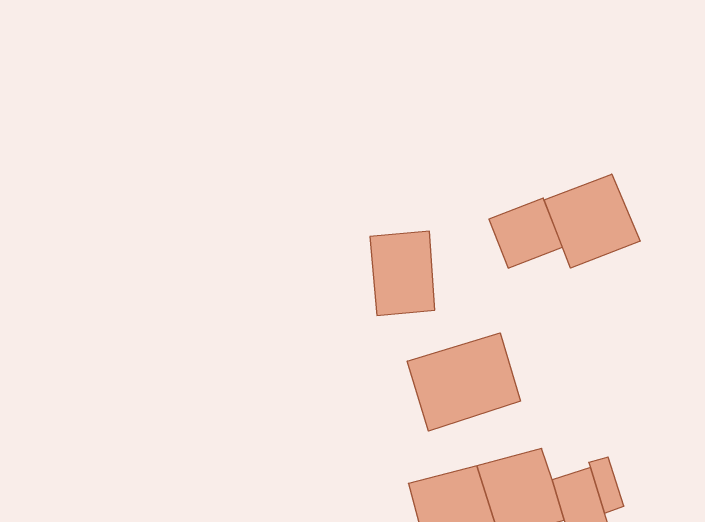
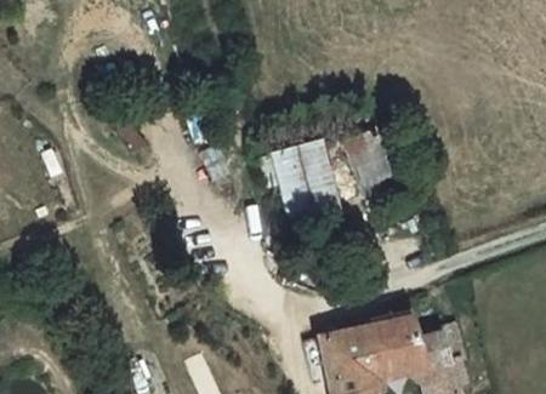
building: [544,174,640,268] -> none
building: [407,333,521,431] -> none

